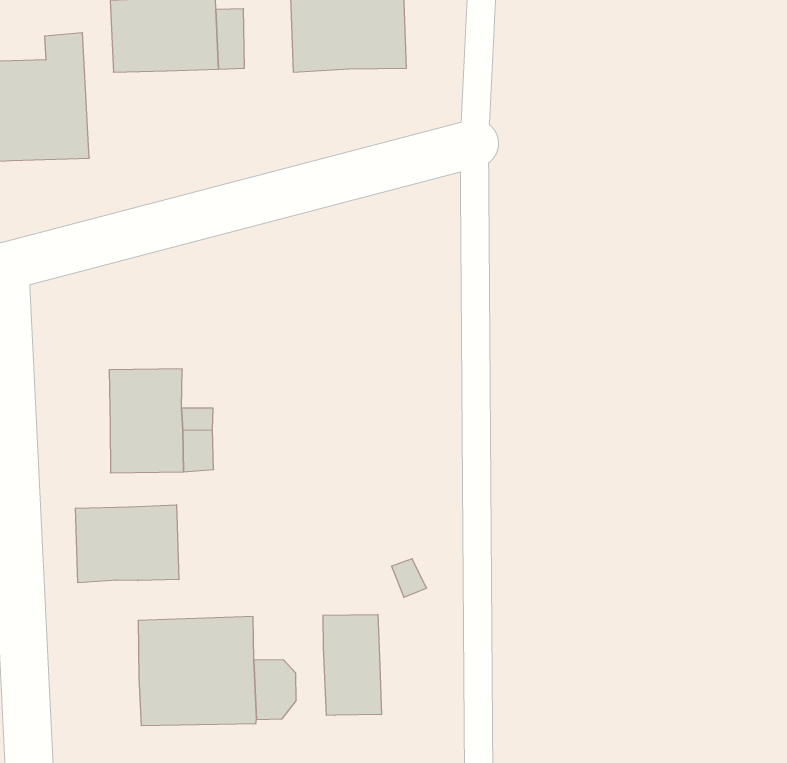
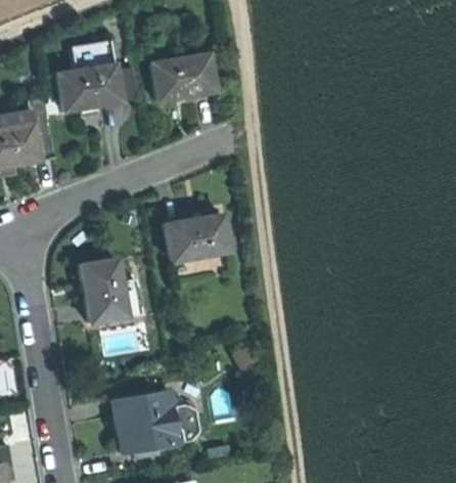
building: none -> [164,210,225,260]
building: [76,505,179,583] -> none
building: [323,614,381,715] -> none

